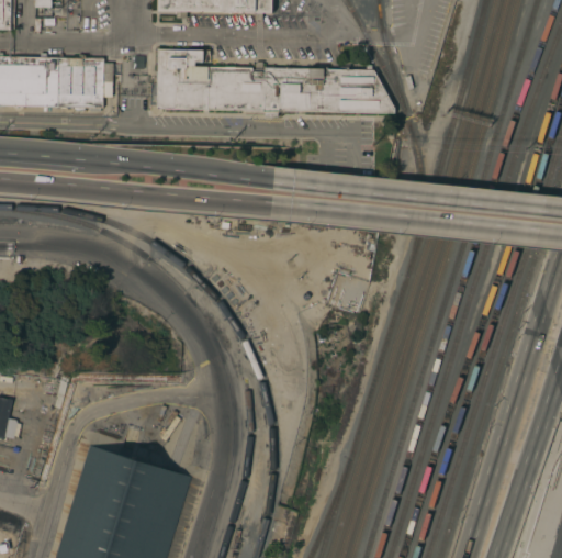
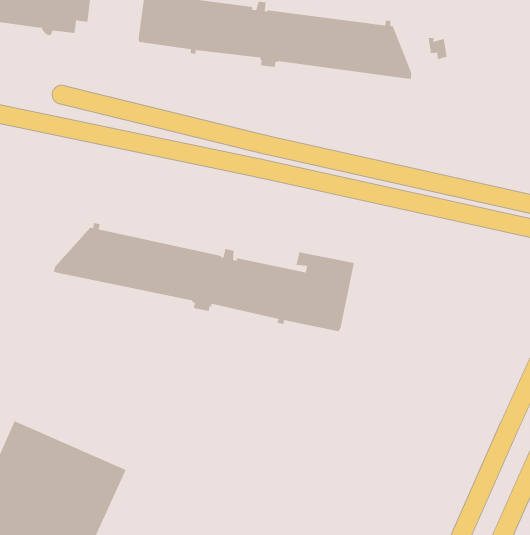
building: none -> [53,222,355,332]

